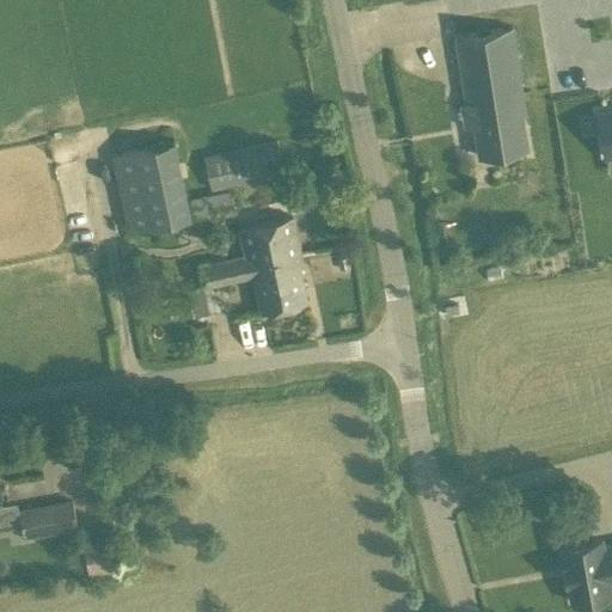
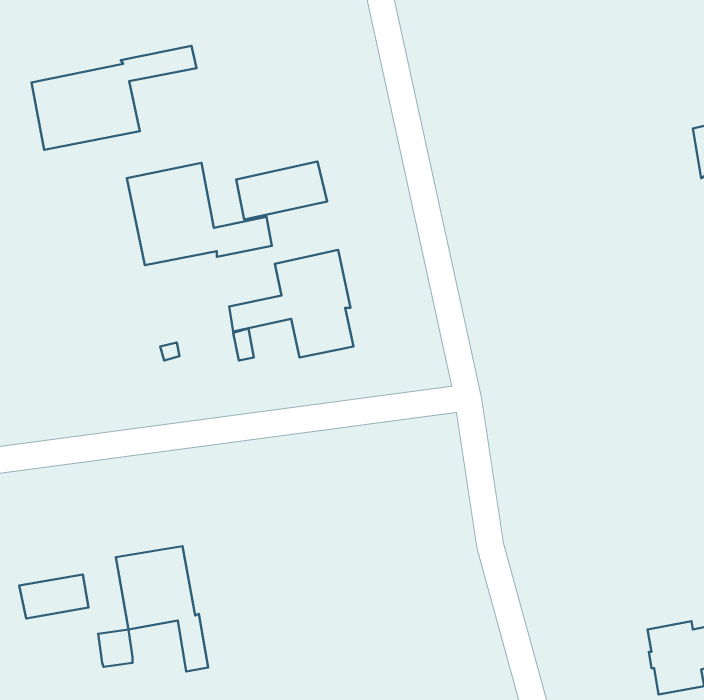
building: [457,31,528,159] -> none
building: none -> [31,46,196,150]
building: none -> [116,546,208,672]

